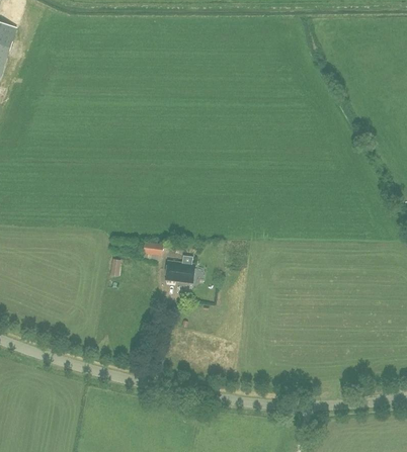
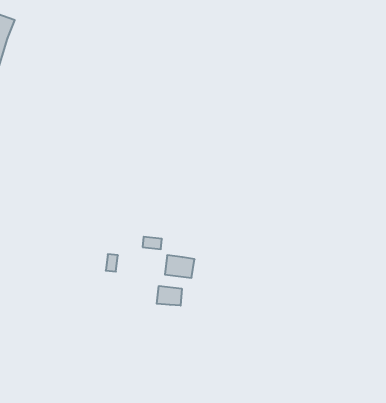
building: none -> [157,286,182,306]

